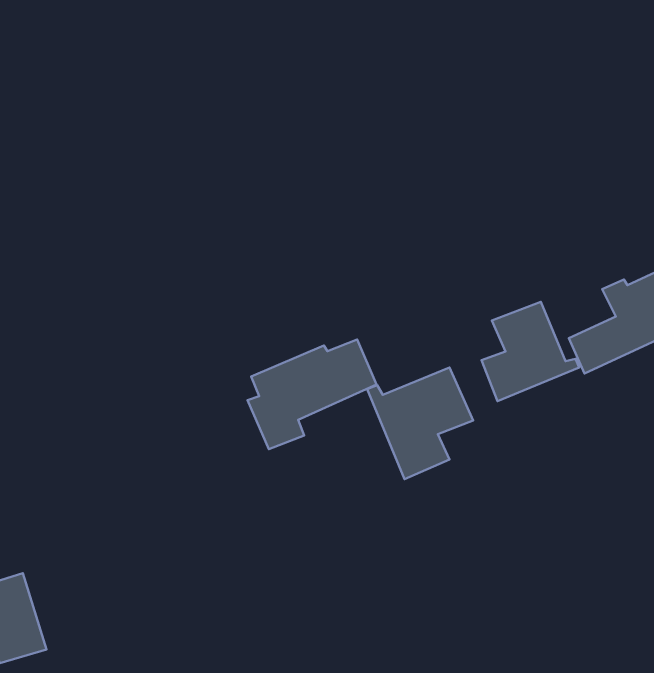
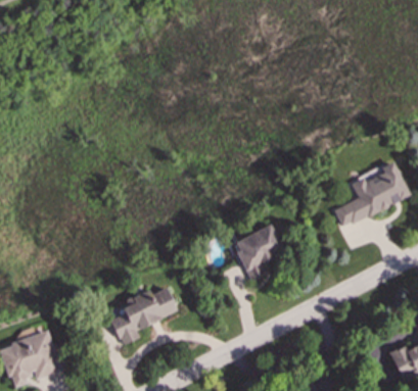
building: [481,302,579,401] -> none
building: [247,339,377,449] -> [109,288,177,345]

